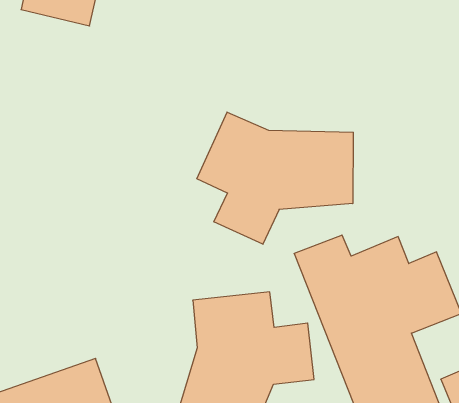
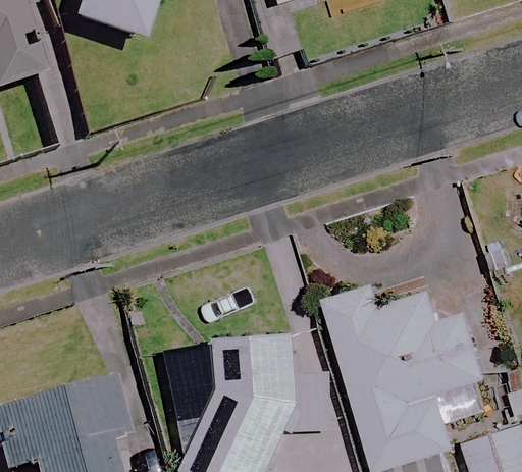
building: [197,112,353,244] -> none

